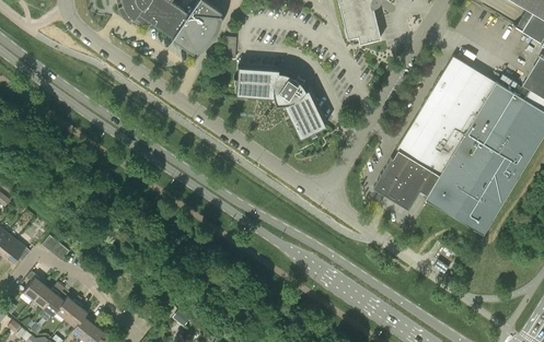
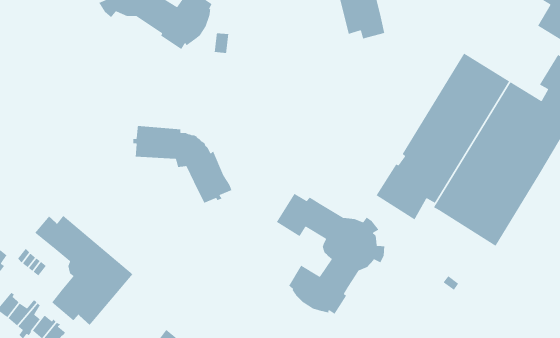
building: [234,66,326,138] -> [132,125,232,204]
building: none -> [276,193,385,315]
building: none -> [34,215,133,326]

